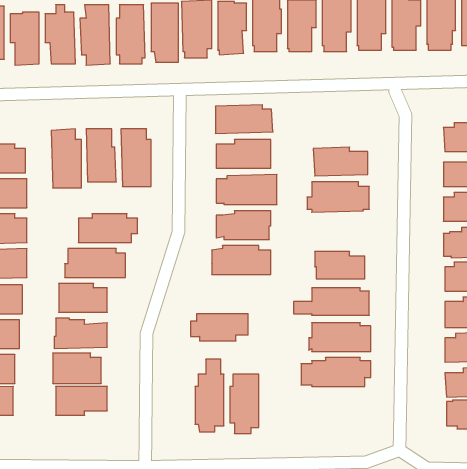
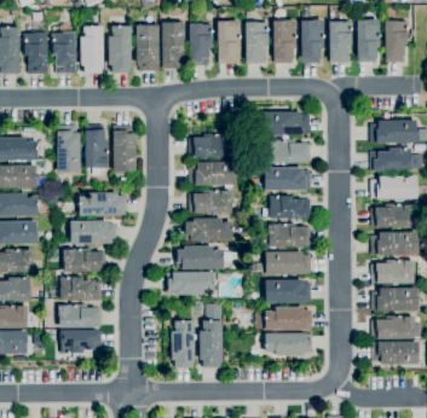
building: [215,105,273,133] -> [264,112,310,135]
building: none -> [270,196,311,219]
building: none -> [177,246,233,269]
building: none -> [265,333,311,356]

